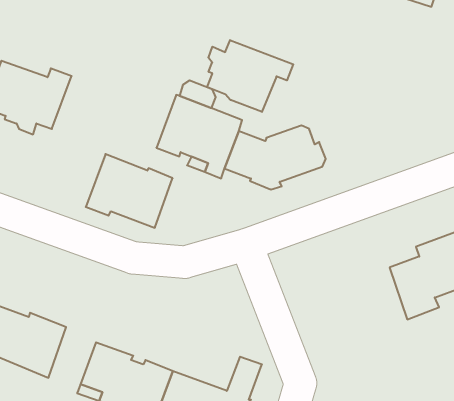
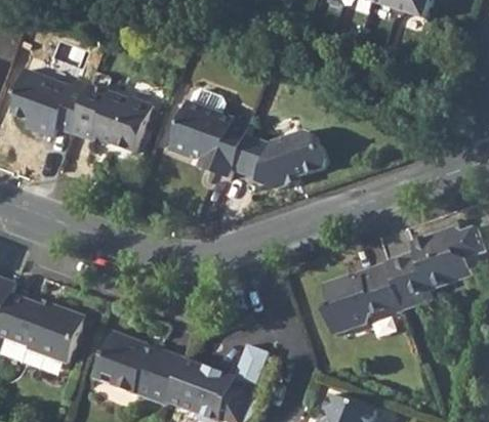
building: [207,40,293,112] -> none
building: [86,154,173,228] -> [71,83,152,152]
building: none -> [322,261,402,335]

